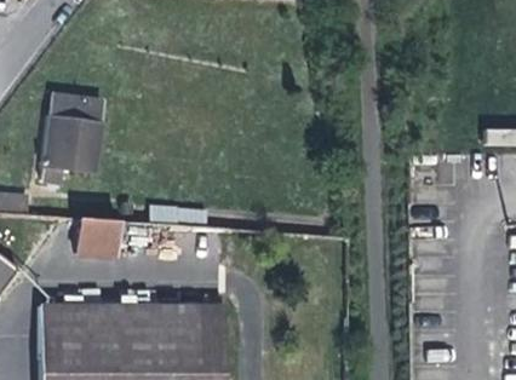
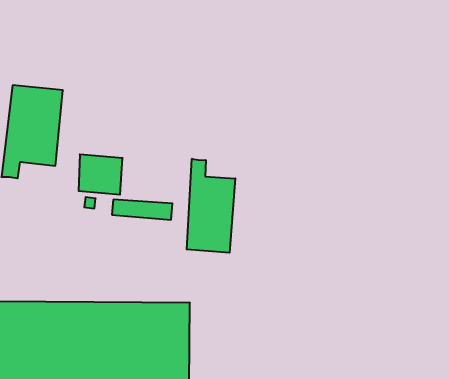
building: none -> [187,159,235,253]
building: [75,219,117,258] -> [79,154,123,195]

